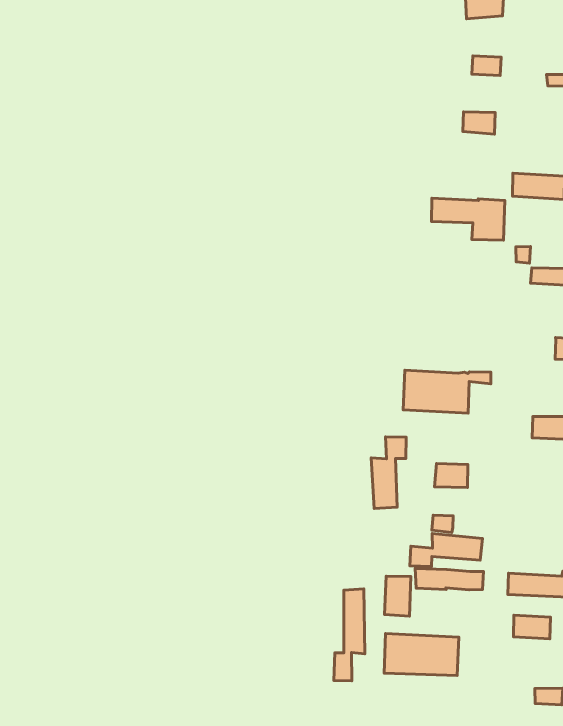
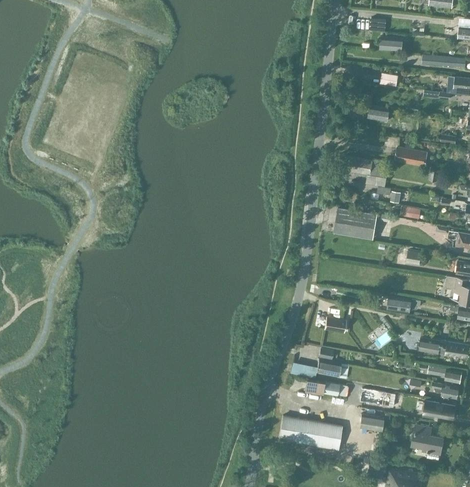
building: [403,370,491,413] -> [333,207,389,238]
building: [371,437,406,508] -> none
building: [384,576,411,616] -> [322,423,341,449]
building: [334,589,365,681] -> none

